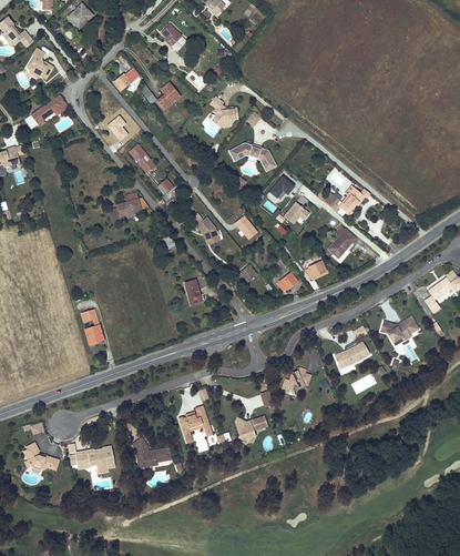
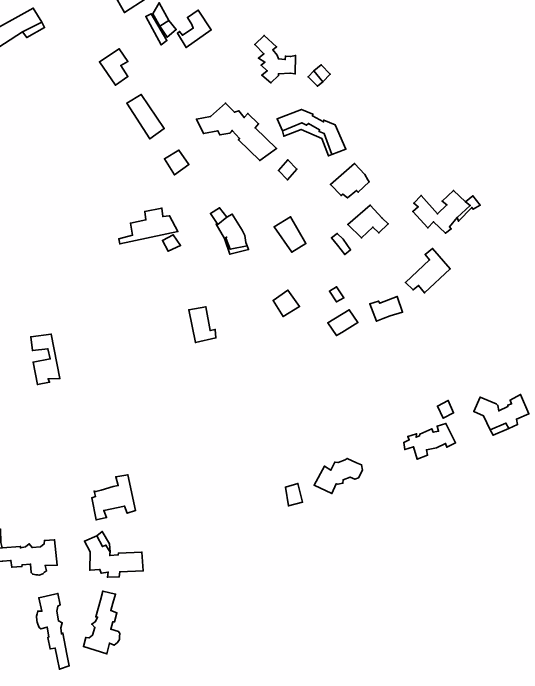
building: none -> [197,103,276,160]
building: [110,192,149,219] -> [119,208,178,244]
building: [181,405,211,437] -> [92,475,136,520]
building: [234,416,267,441] -> none
building: none -> [84,591,120,654]
building: none -> [37,593,69,669]

